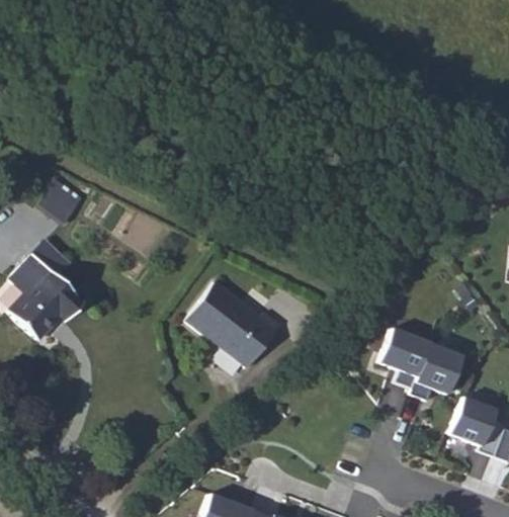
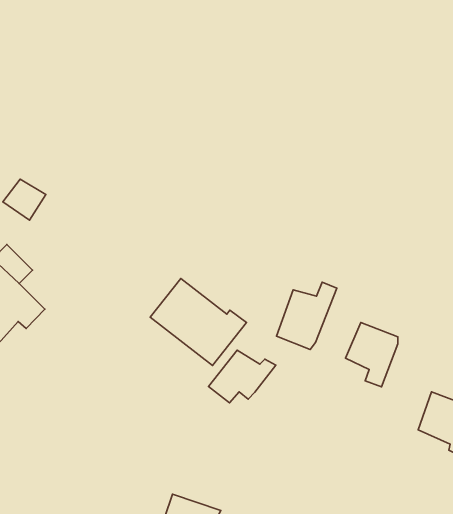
building: none -> [276,282,337,349]
building: [413,346,463,402] -> none
building: none -> [208,350,276,403]

